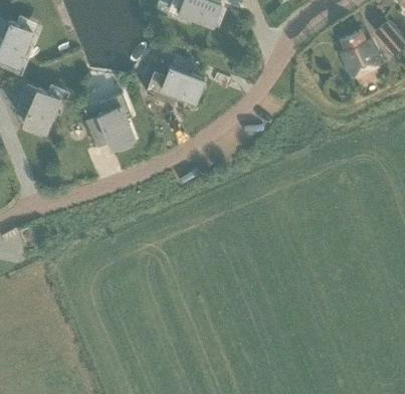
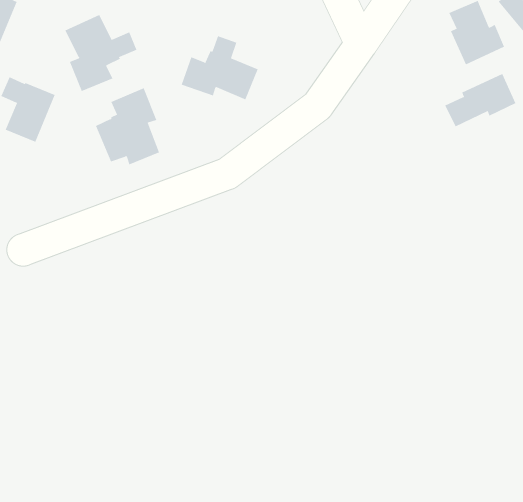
building: none -> [65,14,137,92]
building: none -> [444,73,516,127]

